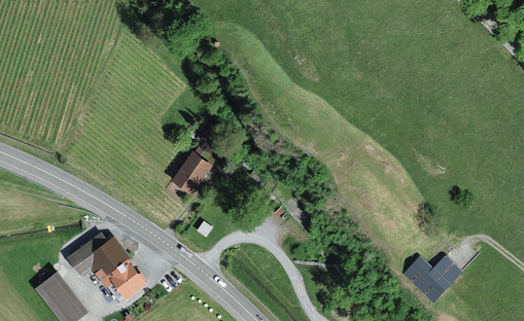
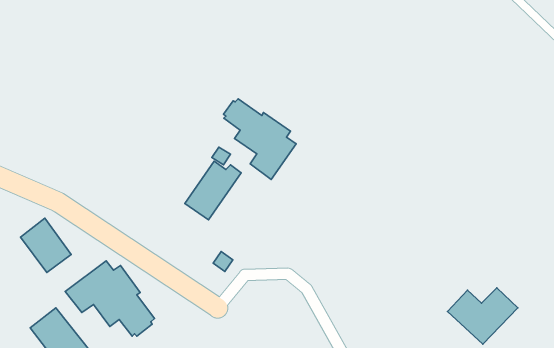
building: none -> [223,99,296,179]
building: none -> [20,218,71,273]

